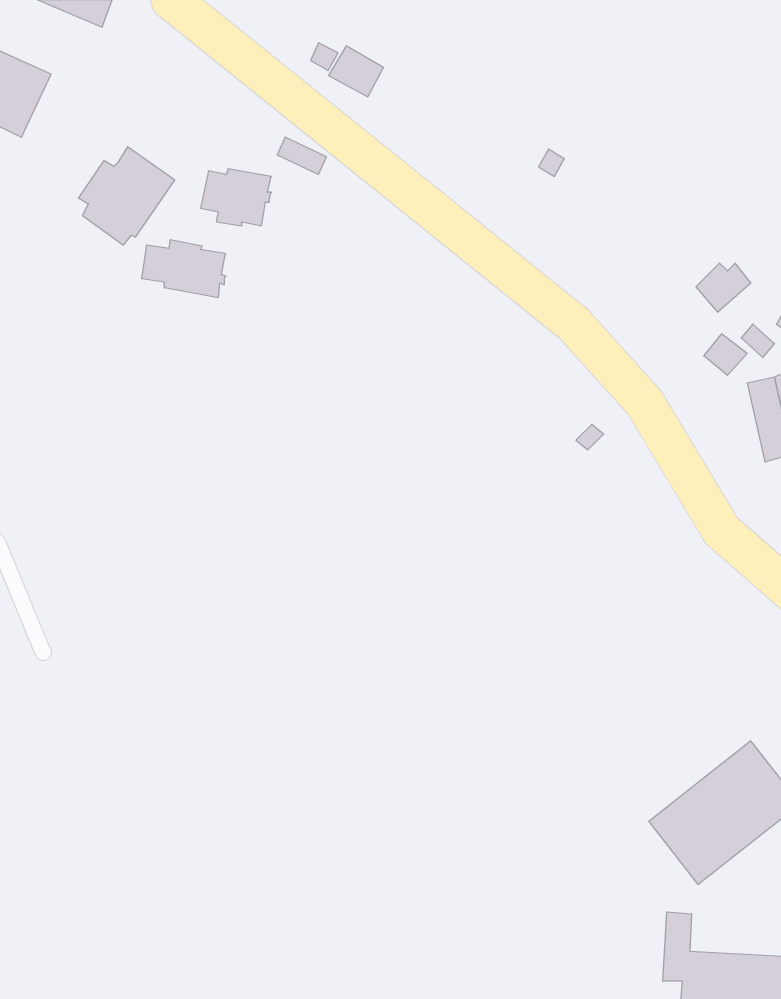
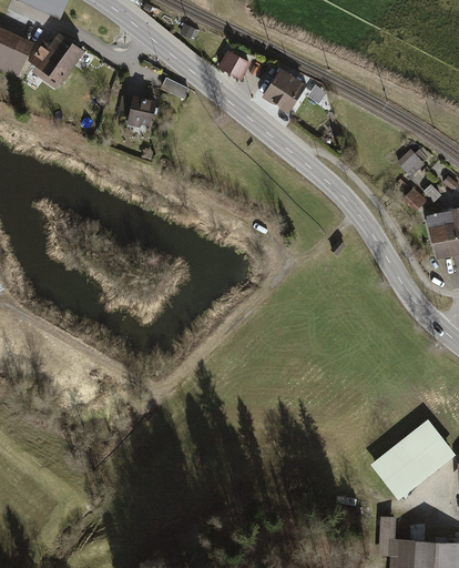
building: [328,46,383,97] -> [218,52,249,81]
building: none -> [263,69,307,114]
building: [78,147,175,245] -> [29,33,83,89]
building: [142,239,226,298] -> none

